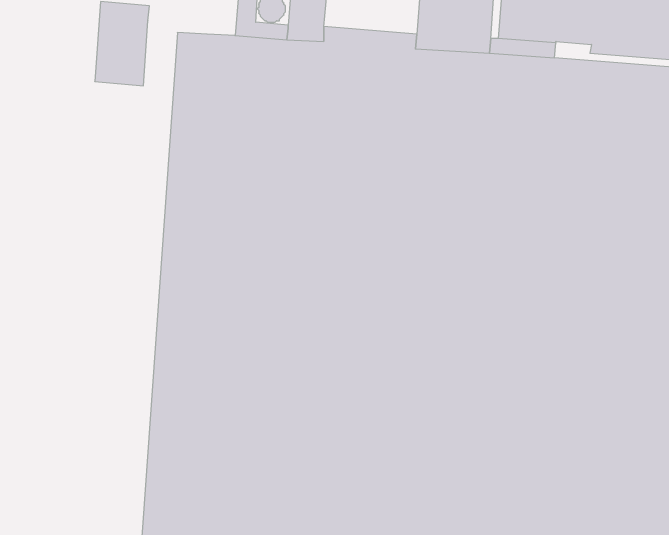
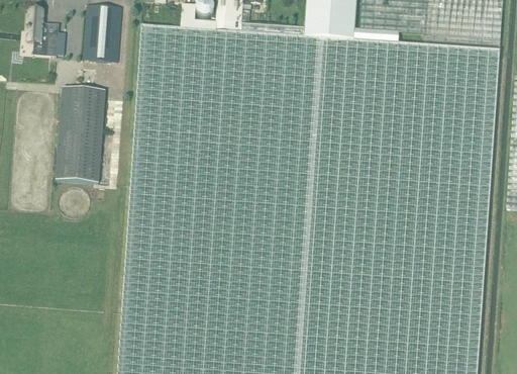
building: none -> [27,12,60,58]
building: none -> [57,88,106,184]

